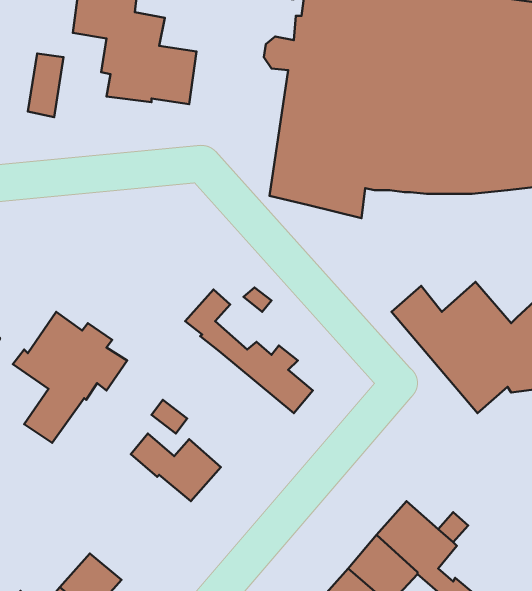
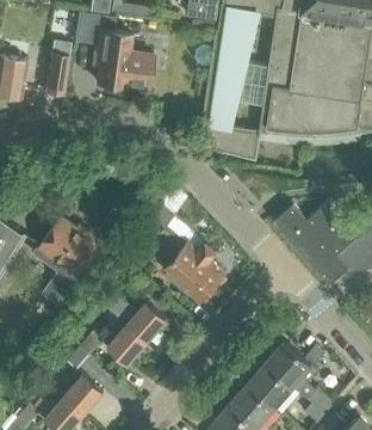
building: none -> [135,226,215,300]
building: none -> [67,324,149,370]

